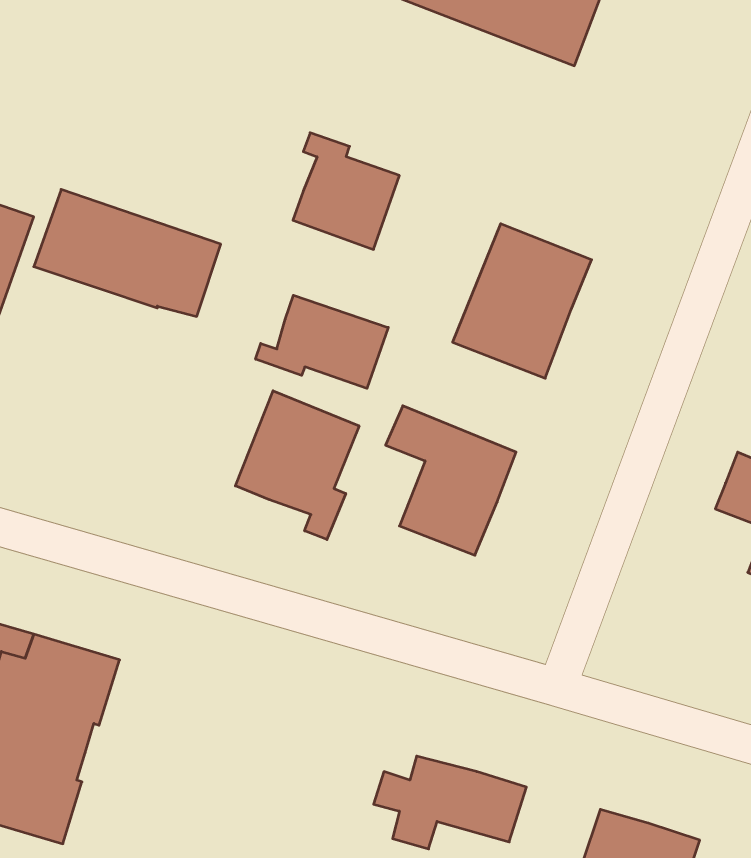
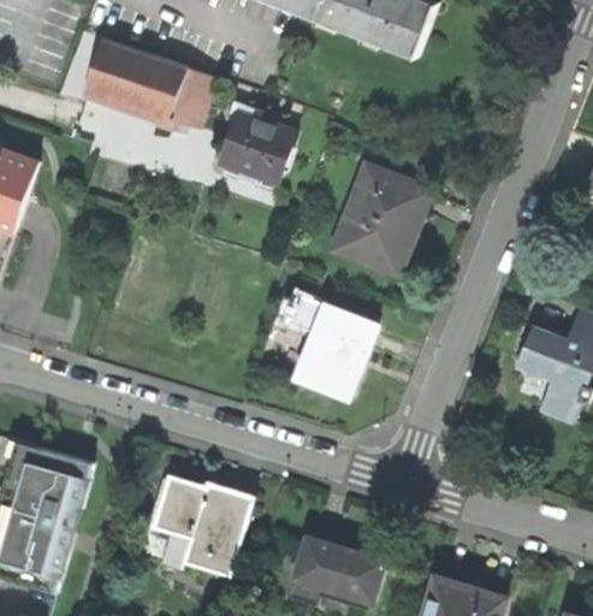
building: [34,189,221,316] -> [82,37,213,126]
building: [256,295,388,388] -> none
building: [235,391,359,540] -> none
building: none -> [144,474,253,574]

